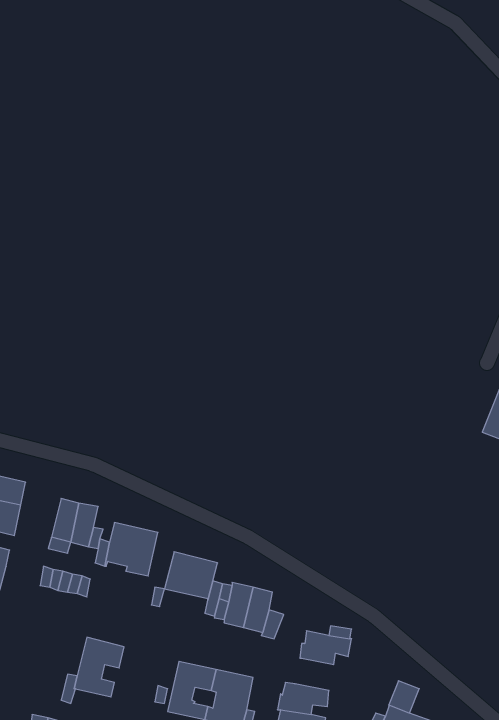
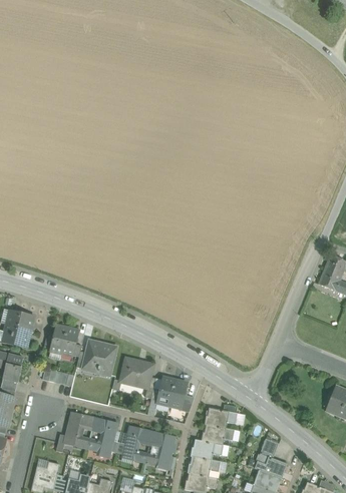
building: none -> [87,417,117,453]
building: none -> [202,424,234,444]

